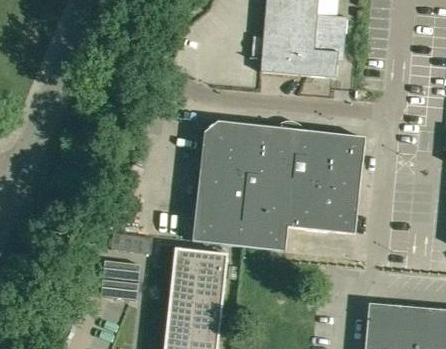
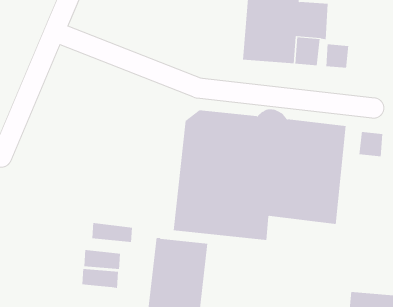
building: none -> [326,44,349,69]
building: none -> [359,131,383,157]

